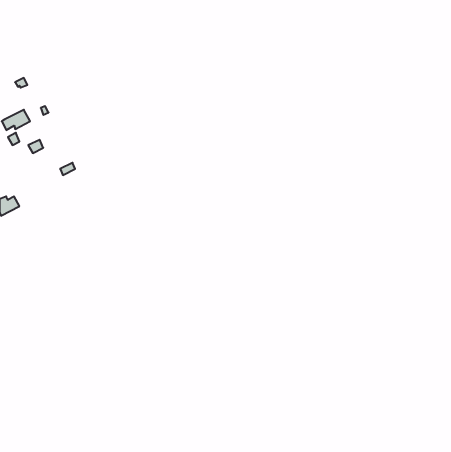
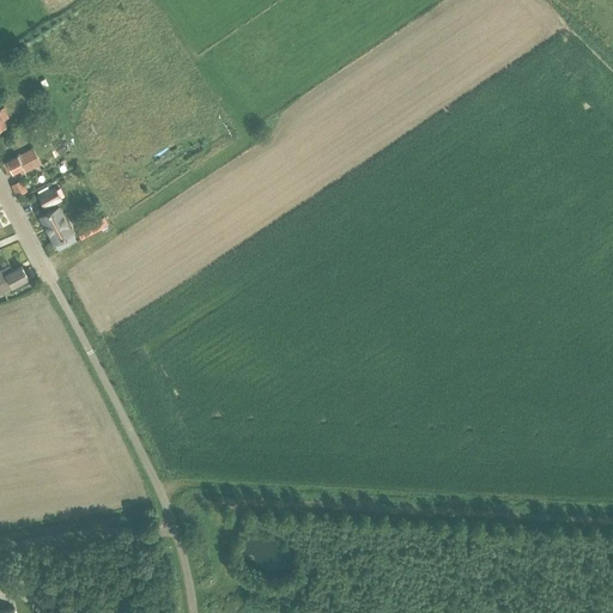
building: none -> [40,208,71,243]

